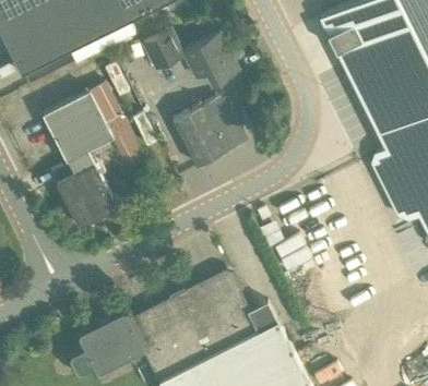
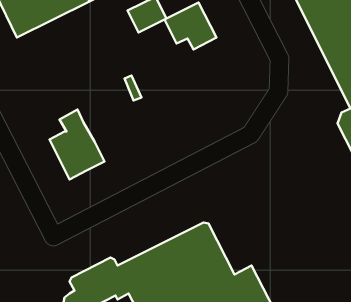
building: [43,84,143,166] -> none
building: [173,94,247,167] -> none

